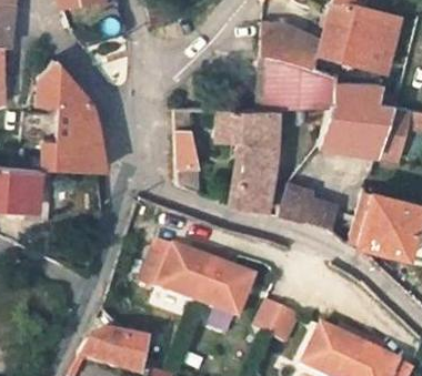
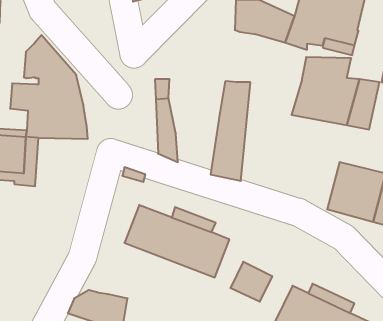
building: [262,57,336,110] -> none
building: [215,108,250,142] -> none
building: [278,182,336,227] -> none

